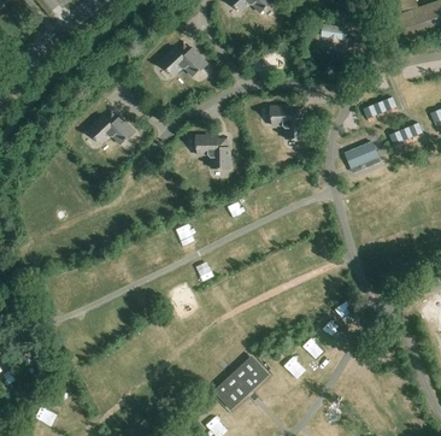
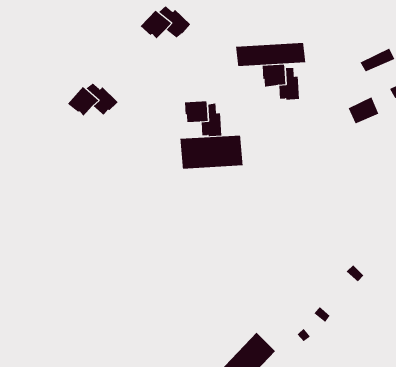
building: none -> [235,42,306,67]
building: none -> [180,135,243,169]

